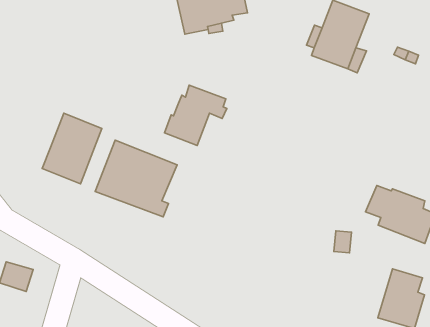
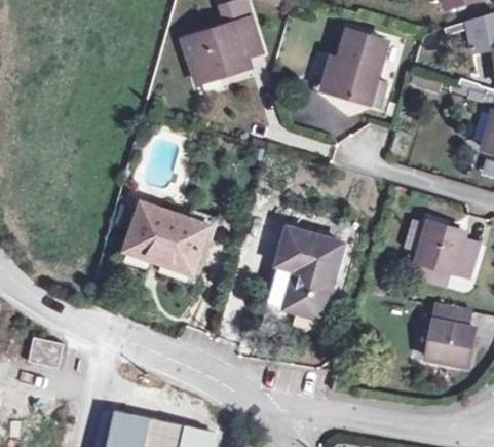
building: [164,85,227,145] -> none
building: [42,113,102,184] -> none
building: none -> [262,229,340,320]

